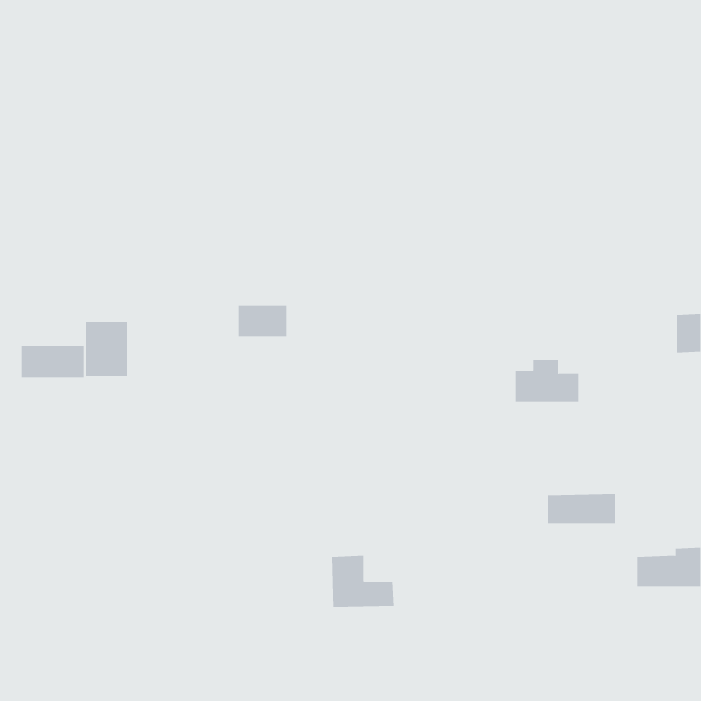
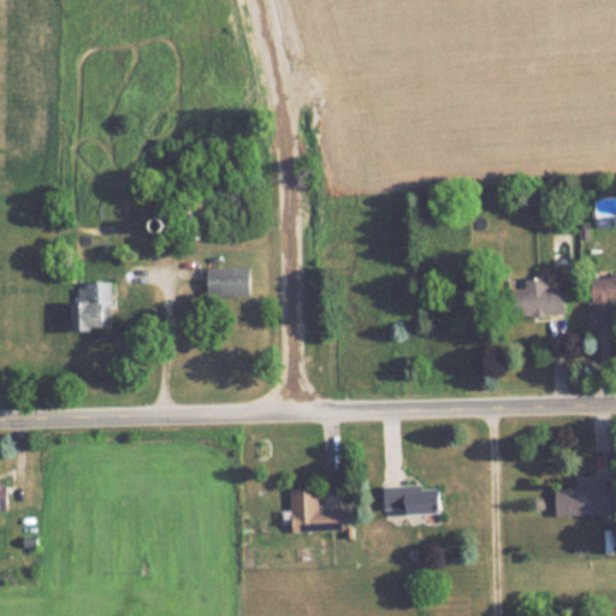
building: [21,345,84,378] -> none
building: [515,359,579,402] -> [509,279,565,316]
building: [547,494,616,524] -> [381,486,442,513]

